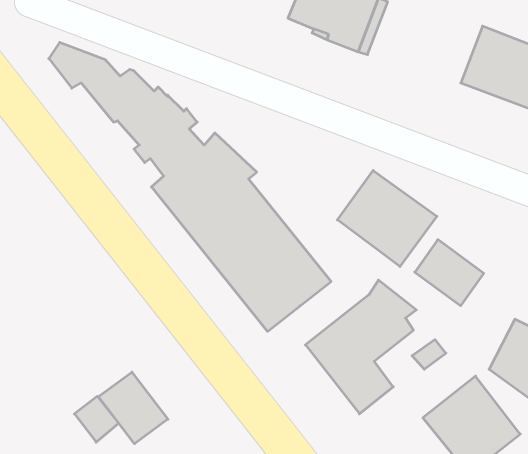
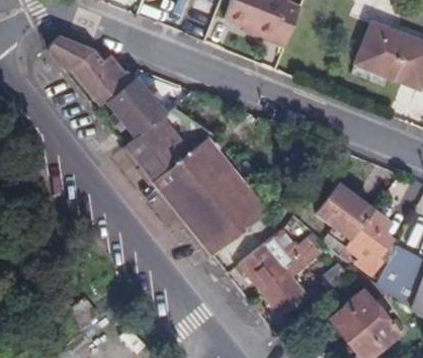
building: [337,170,437,267] -> none
building: none -> [349,210,393,269]
building: [99,372,168,444] -> none

